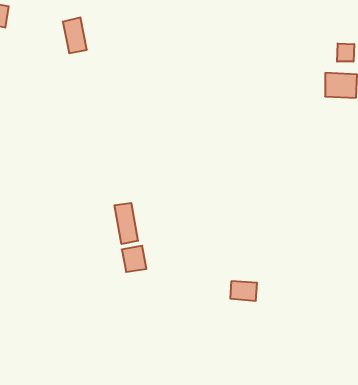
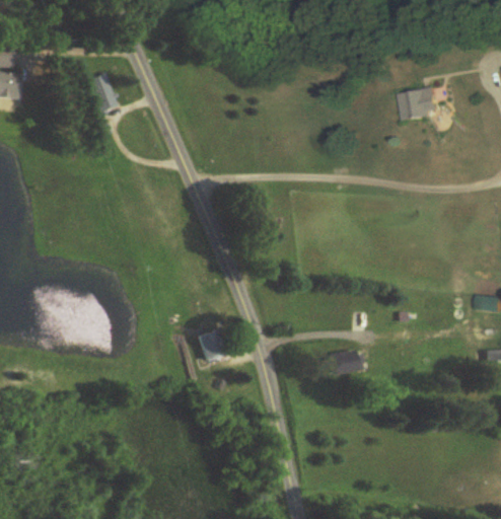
building: [337,43,354,62] -> none
building: [114,203,138,244] -> none

